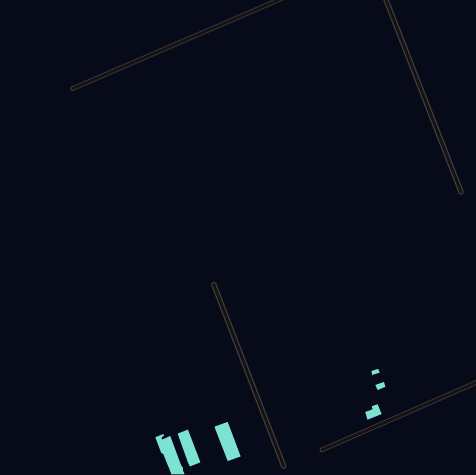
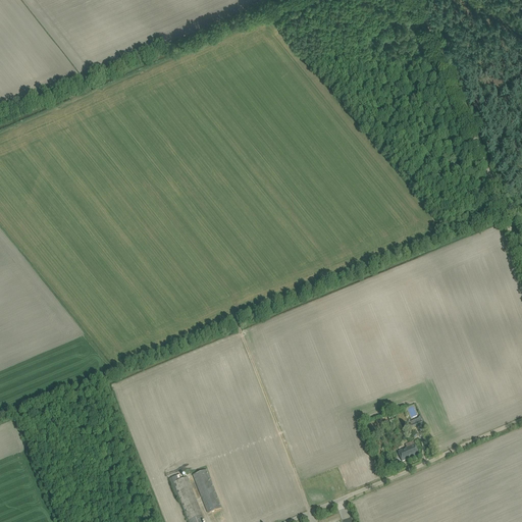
building: [214,421,242,462] -> none

